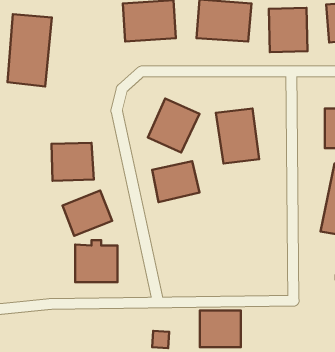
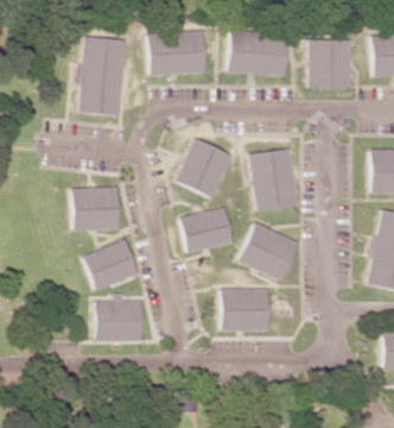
building: [7,14,52,87] -> [77,38,126,118]
building: none -> [240,224,299,281]
building: [200,310,241,347] -> [222,290,267,331]

